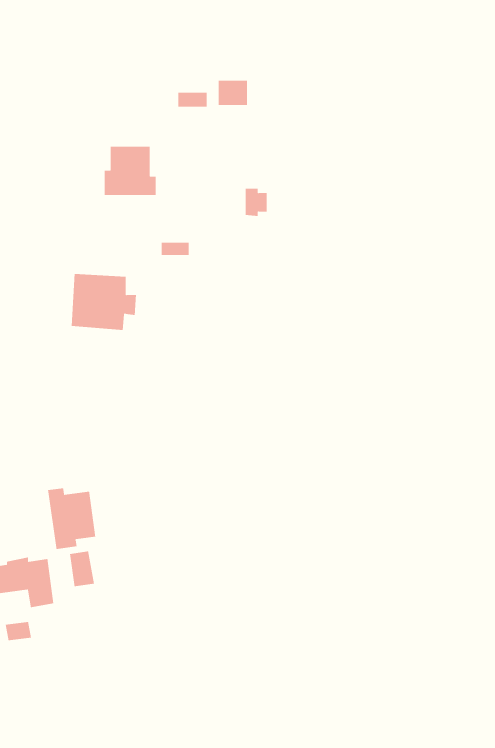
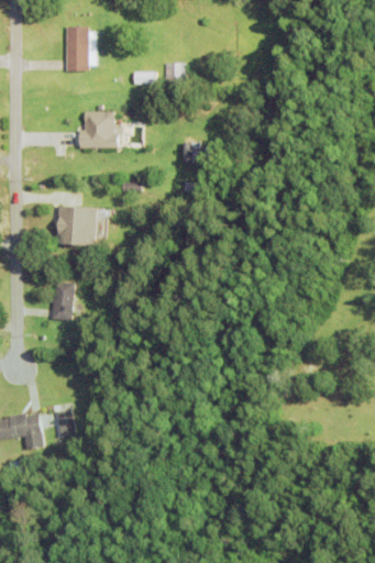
building: none -> [66,25,97,70]
building: none -> [51,282,75,320]
building: [47,487,96,550] -> none

